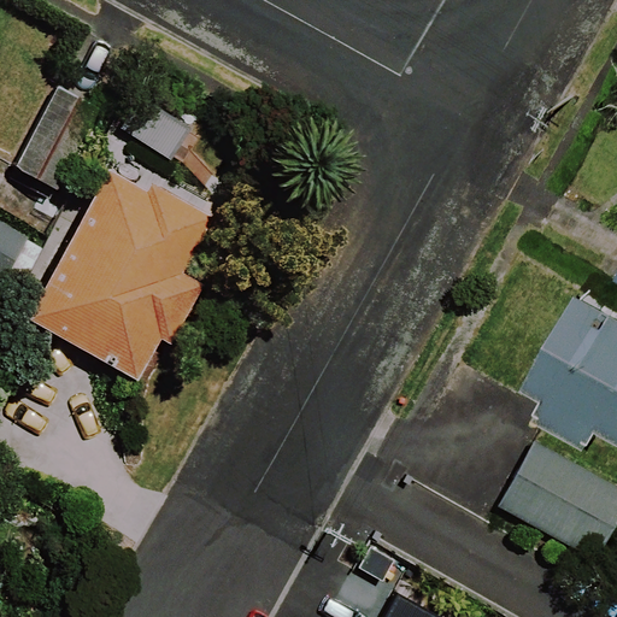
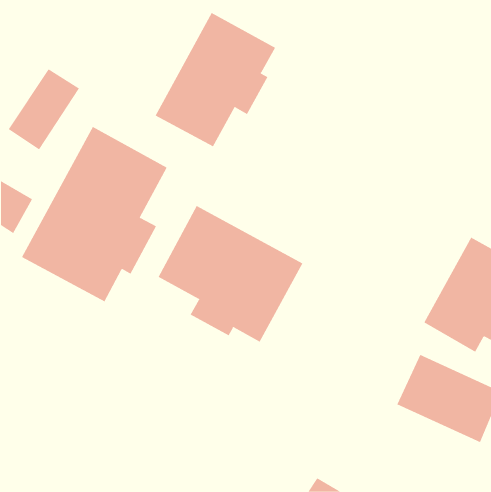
building: none -> [155,12,276,147]
building: none -> [158,205,303,343]

